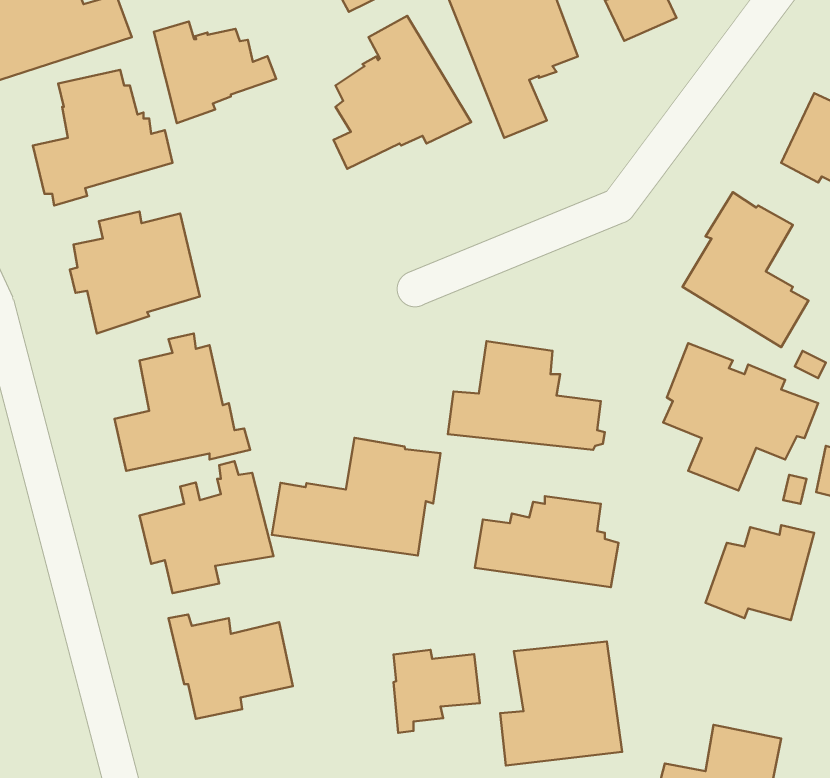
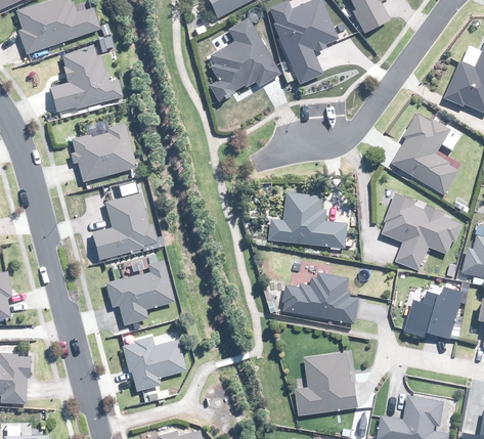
building: [154,22,276,123] -> none
building: [272,438,440,556] -> none
building: [393,650,480,733] -> none

